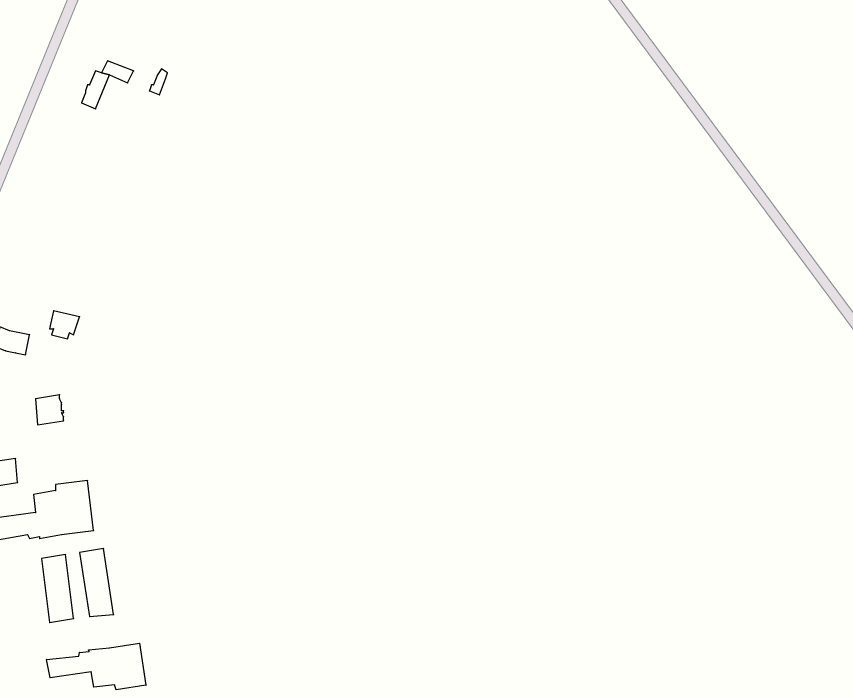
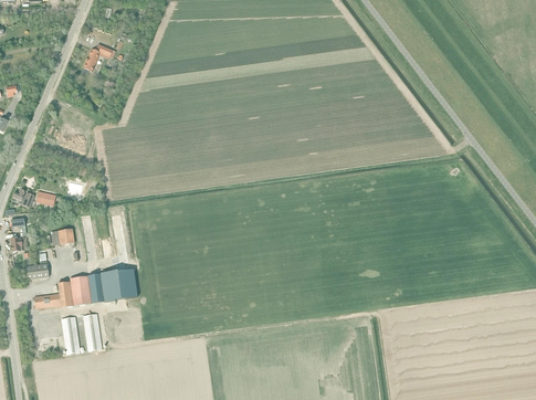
building: none -> [101,269,137,301]
building: [47,643,146,690] -> none

